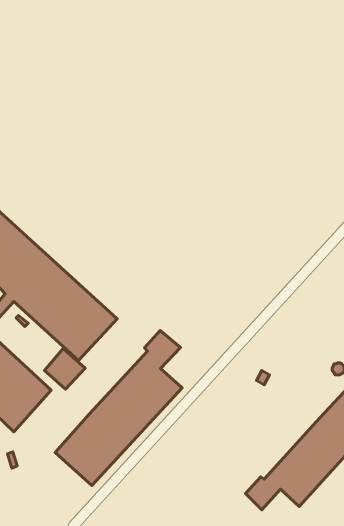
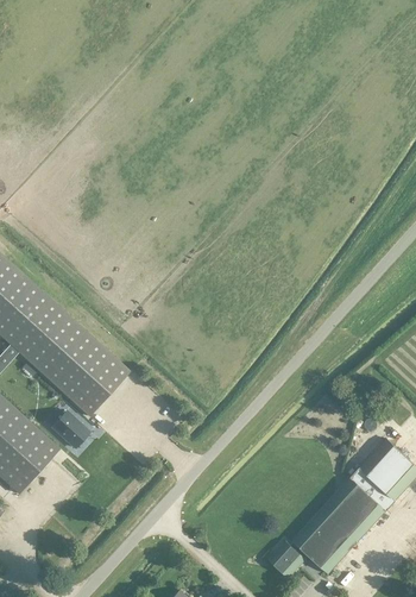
building: [55,331,182,486] -> none

